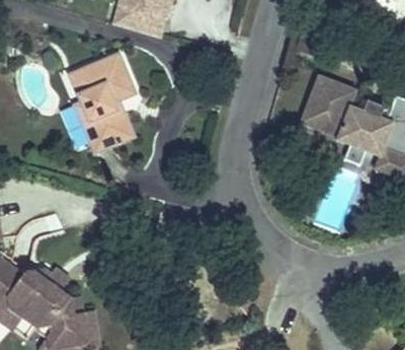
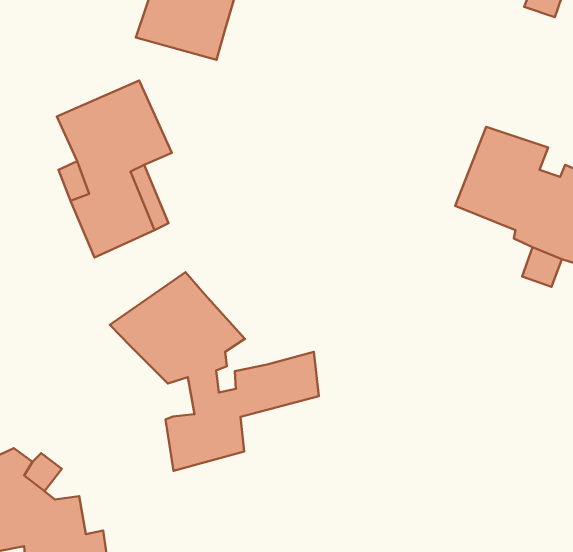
building: none -> [110,272,319,471]

